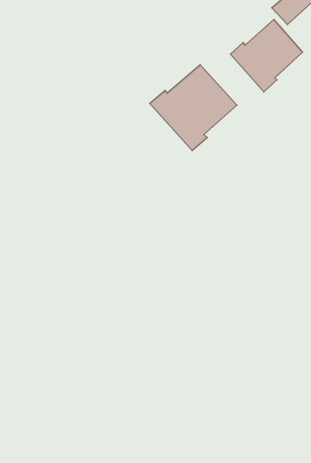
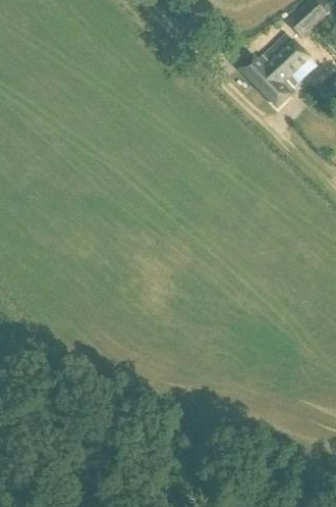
building: [150,65,237,151] -> none

